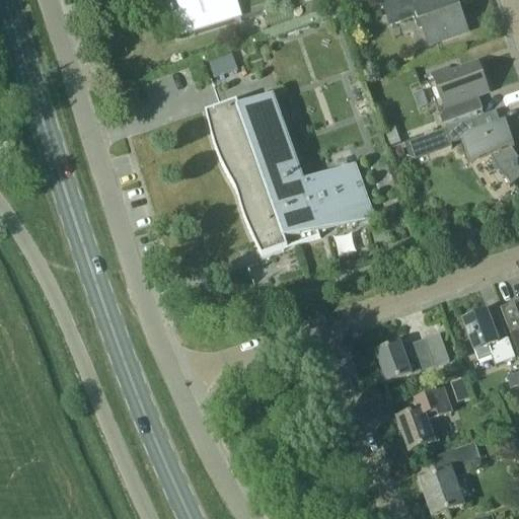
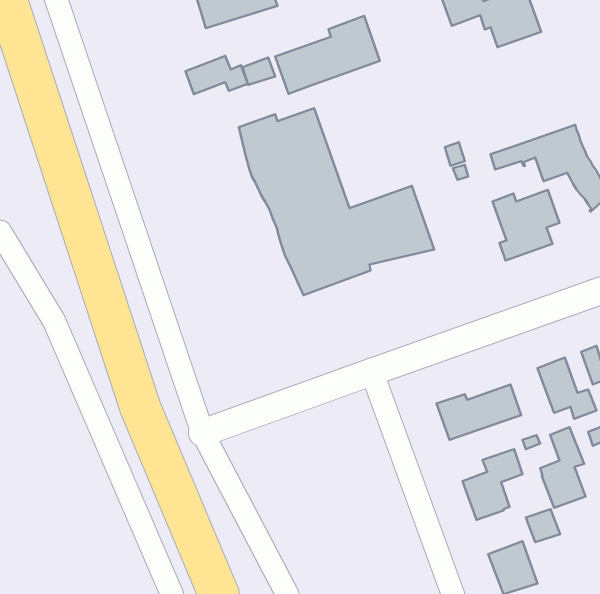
building: none -> [275,16,380,94]
building: none -> [186,56,248,94]
building: [432,59,490,120] -> [492,190,560,260]
building: none -> [540,427,585,508]

